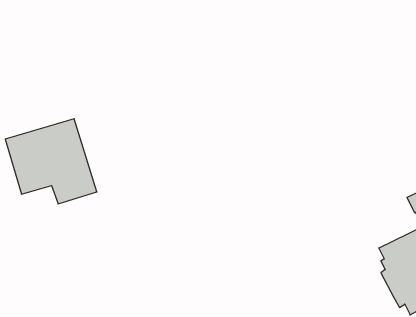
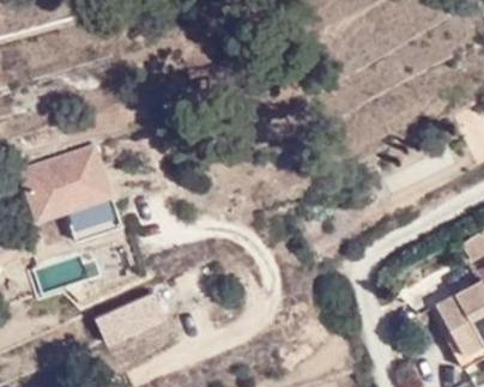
building: none -> [95,294,171,350]

